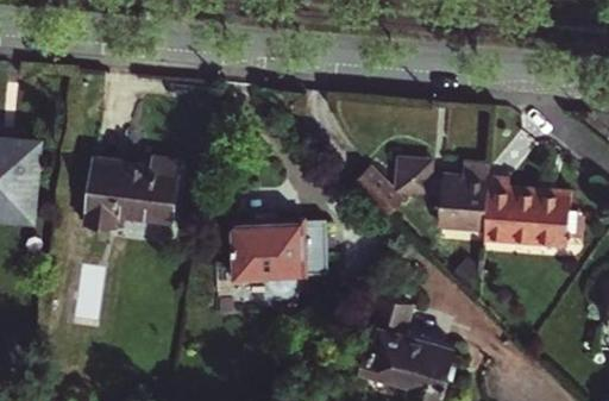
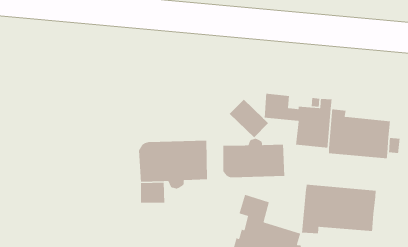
building: [83,161,176,230] -> none
building: none -> [223,138,285,178]
building: none -> [301,184,376,234]

